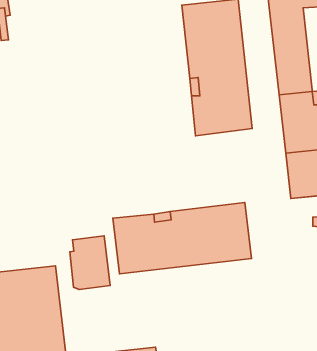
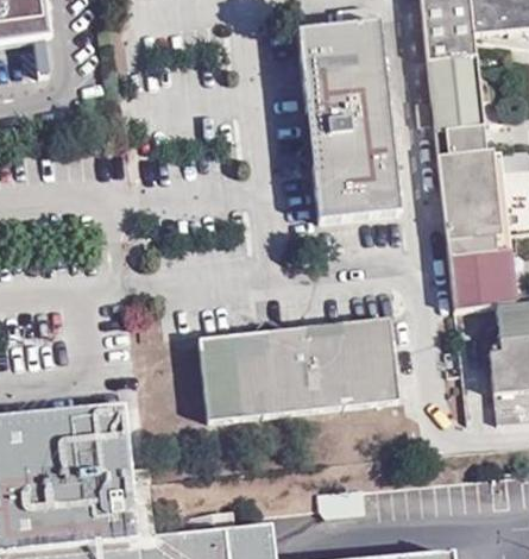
building: [70,236,110,289] -> none

